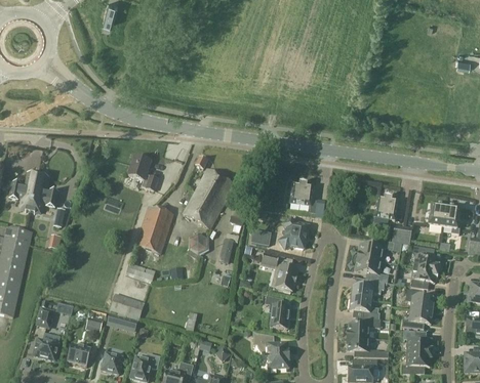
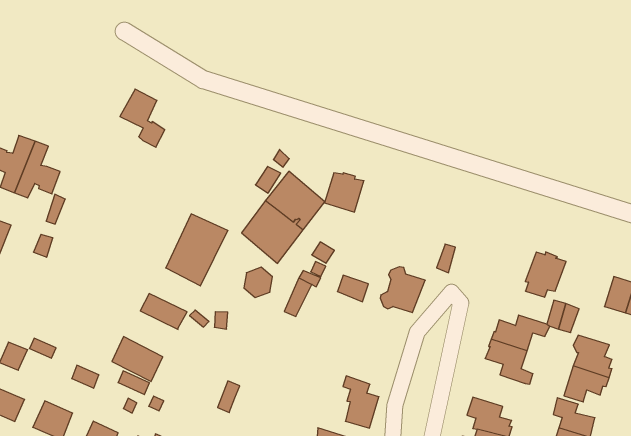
building: [128,155,159,190] -> [120,89,165,147]
building: [290,181,314,206] -> [324,173,364,212]
building: [262,253,297,292] -> none
building: [352,278,385,300] -> none

